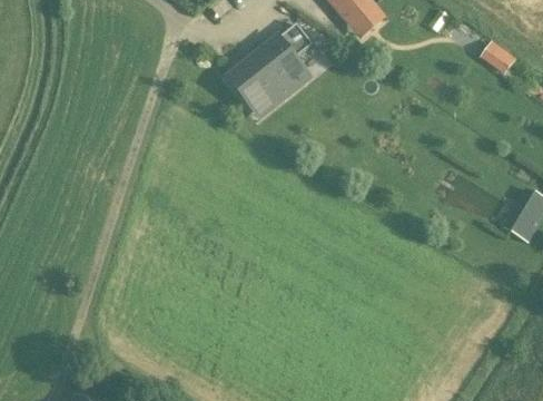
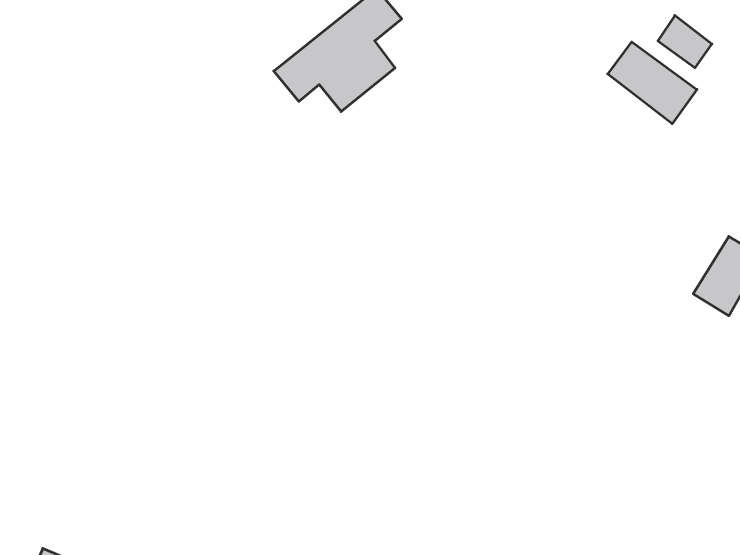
building: none -> [608,42,697,124]

